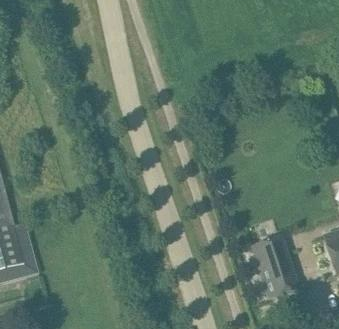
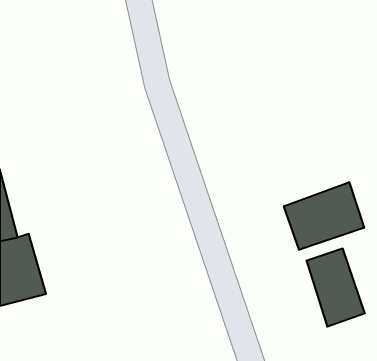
building: none -> [284,182,364,250]

